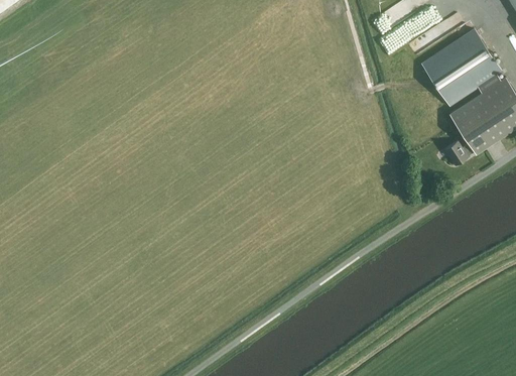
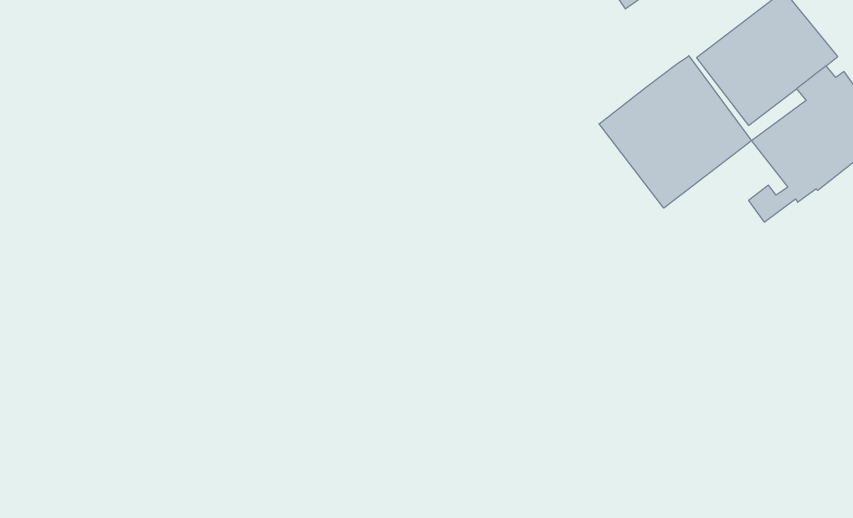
building: none -> [599,56,751,208]

